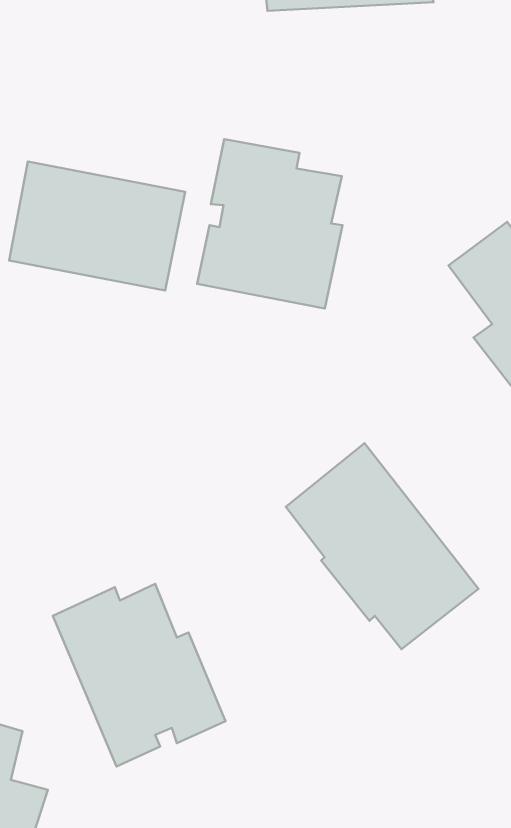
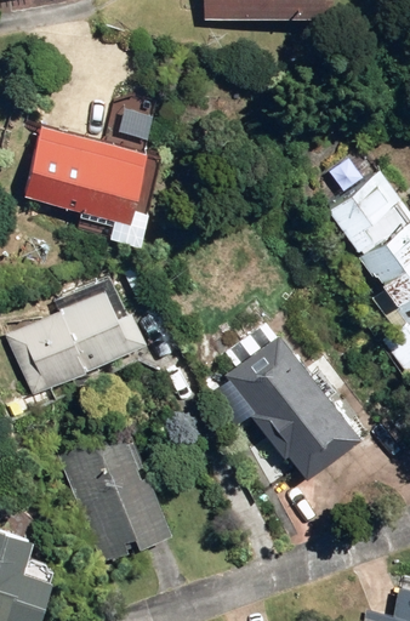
building: [197,139,343,308] -> none
building: none -> [21,303,159,397]

